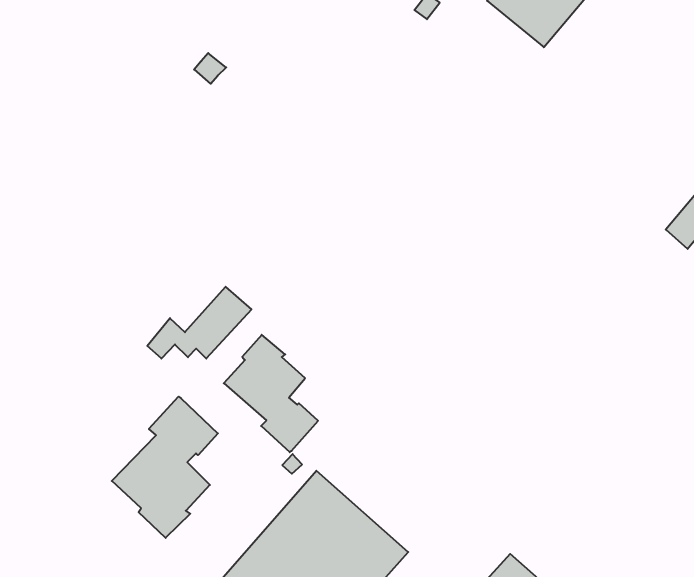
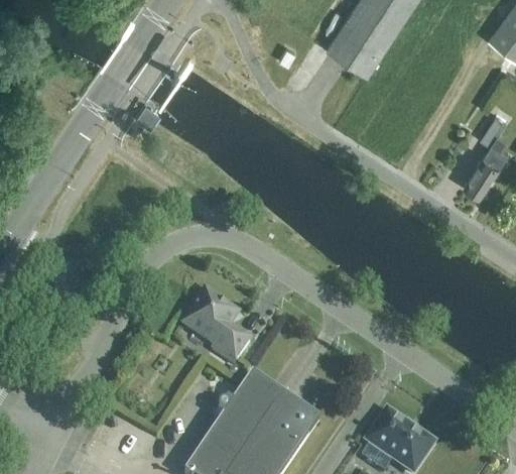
building: [147,287,251,359] -> none
building: [112,397,218,538] -> none

